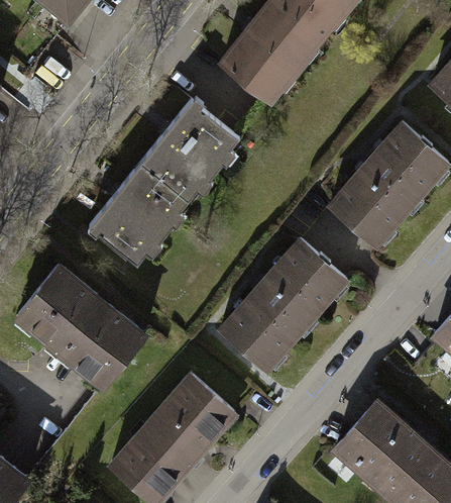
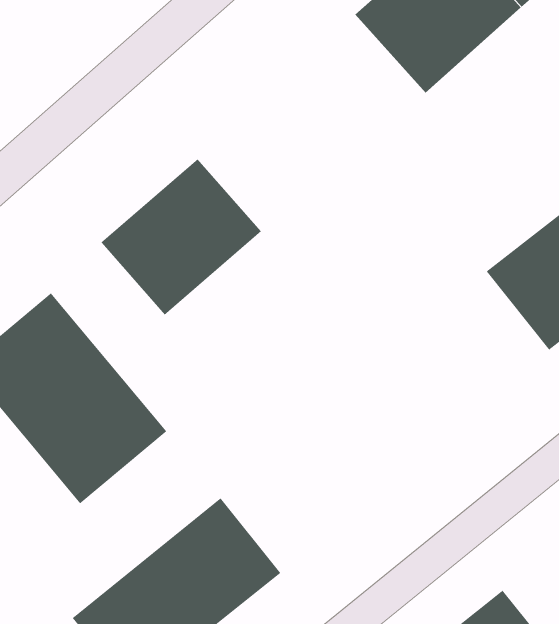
building: [140,103,238,204] -> none
building: [217,238,348,375] -> none

